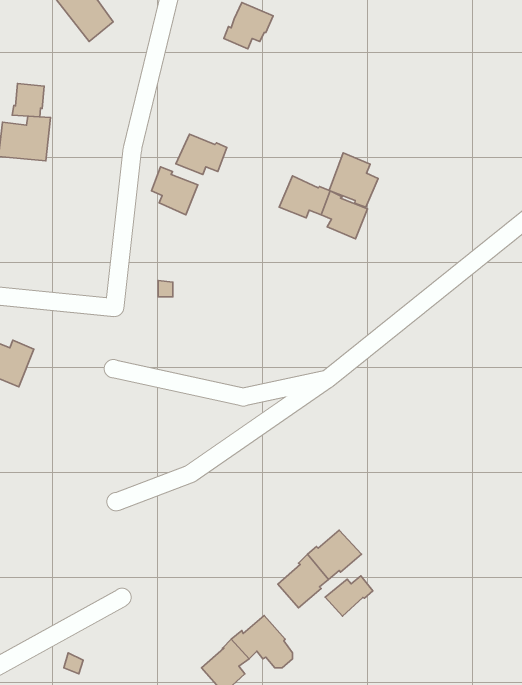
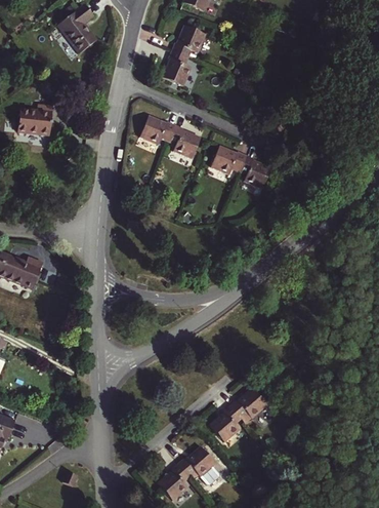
building: none -> [164,50,192,86]
building: [12,84,44,117] -> none
building: [329,153,378,207] -> none
building: [152,167,198,215] -> [169,125,201,158]
building: [325,576,373,616] -> none

